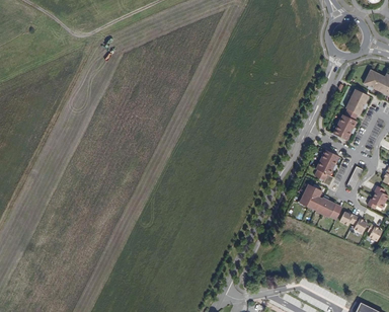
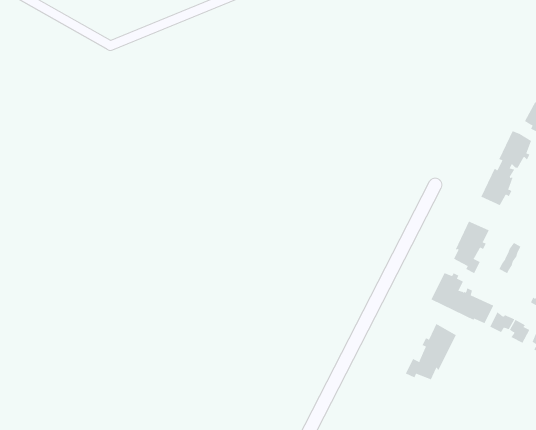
building: none -> [405,323,457,380]

